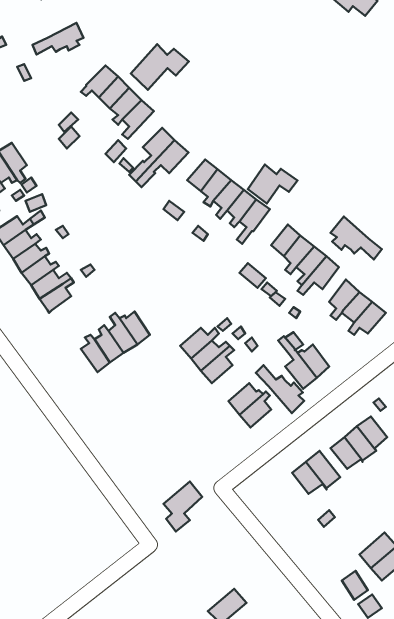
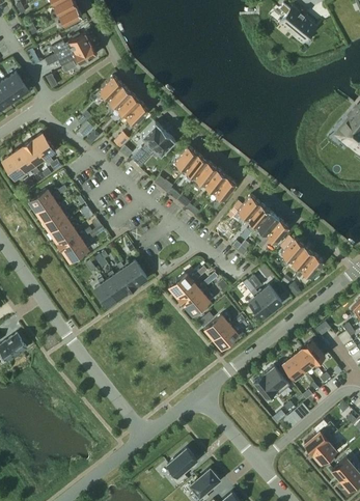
building: none -> [51,32,91,60]
building: [131,44,189,90] -> none
building: [248,165,298,204] -> none
building: [330,216,382,260] -> none
building: [256,365,304,413] -> none
building: [164,482,202,531] -> [167,448,196,485]

